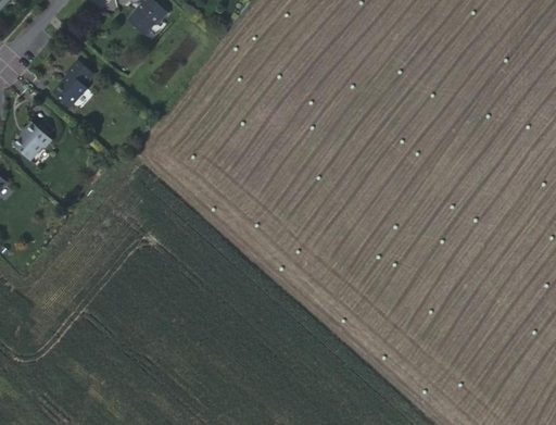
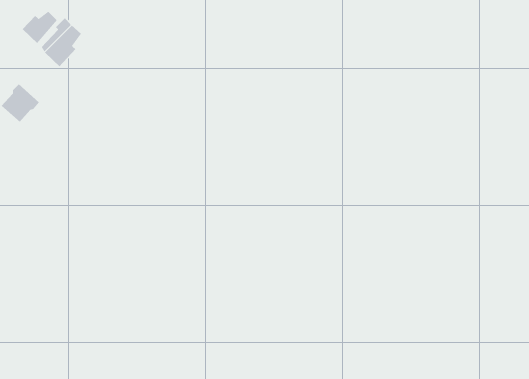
building: none -> [22,11,58,44]

